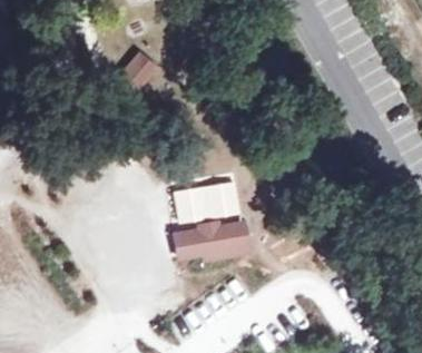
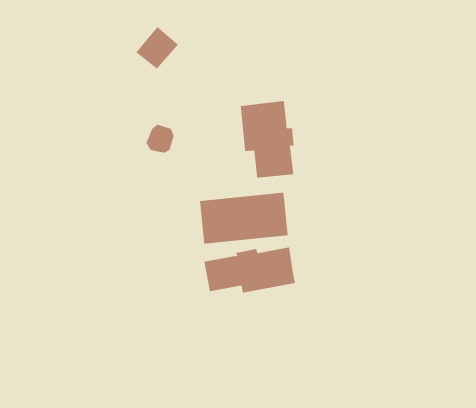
building: none -> [240,100,294,179]

